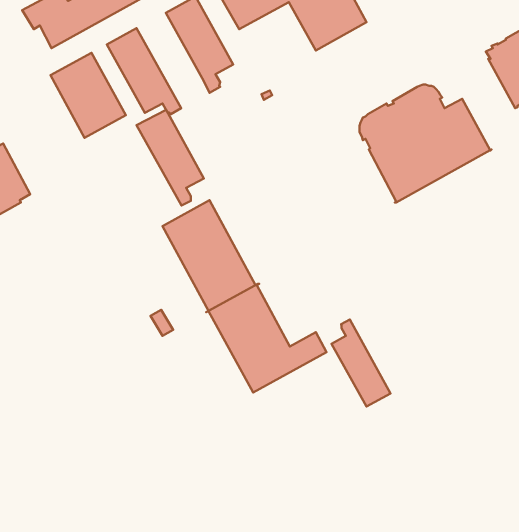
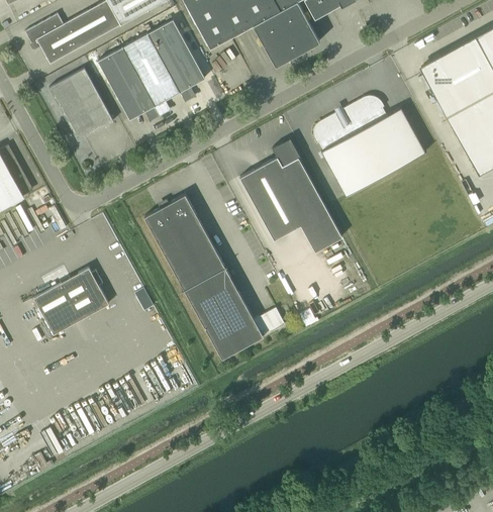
building: [137,110,204,205] -> [122,34,180,116]
building: none -> [239,138,341,252]
building: none -> [33,268,109,334]
building: [332,319,390,407] -> none

